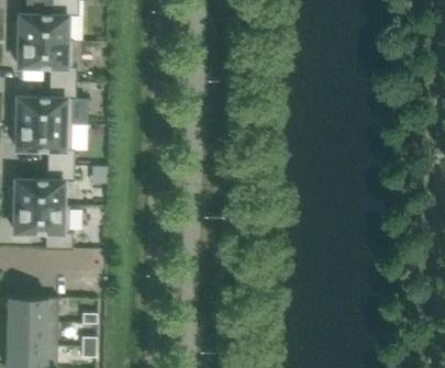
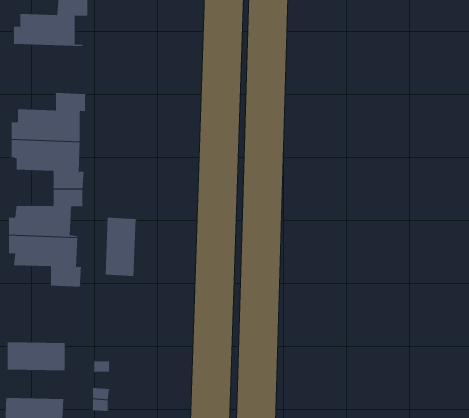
building: [13,41,77,83] -> none
building: none -> [105,217,136,277]
building: [7,322,58,347] -> none

